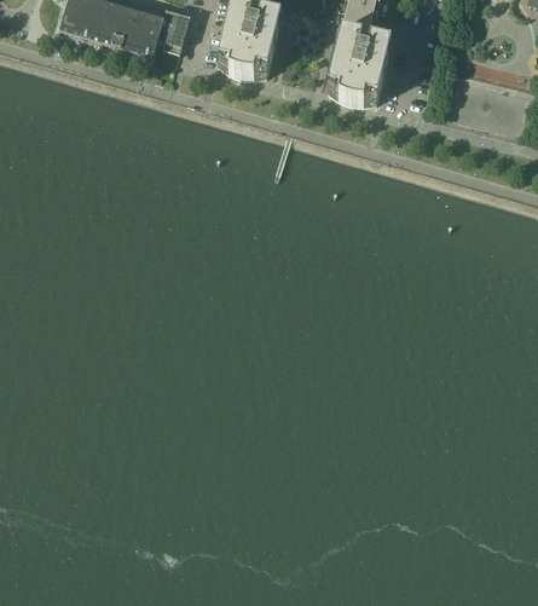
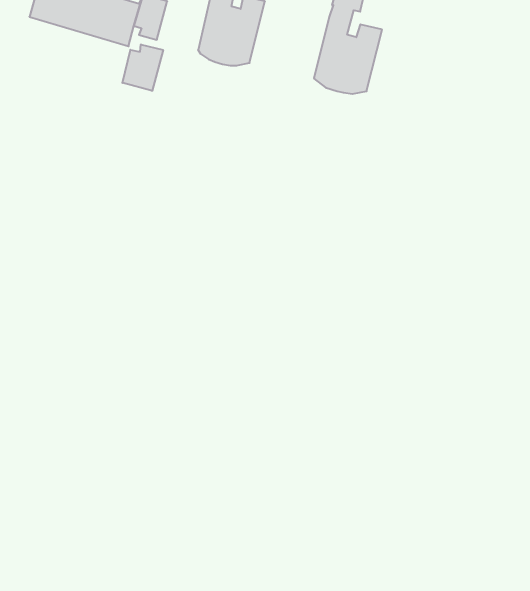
building: none -> [122,44,163,91]

